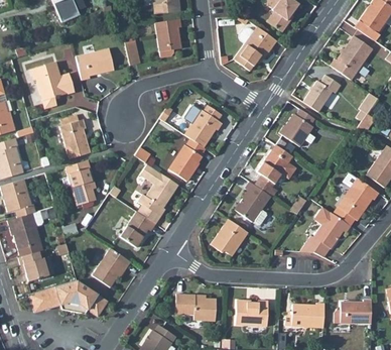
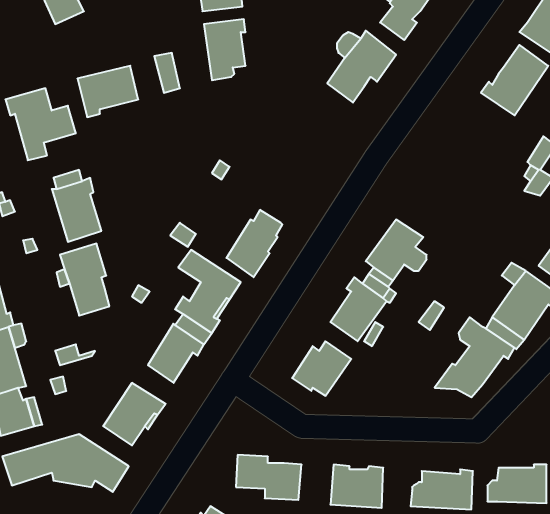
building: [302,75,341,112] -> none
building: [184,105,223,147] -> none
building: [279,109,315,147] -> none

